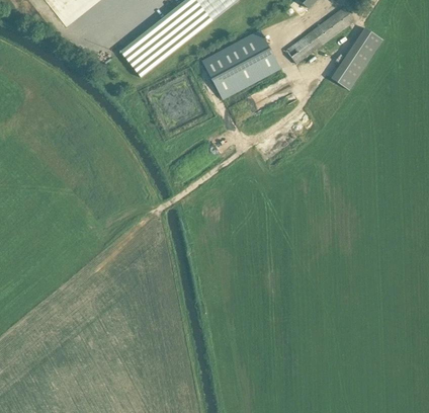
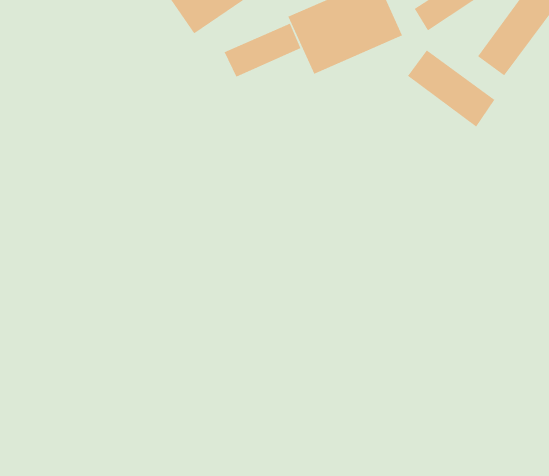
building: none -> [224,23,301,78]
building: none -> [407,50,495,128]

